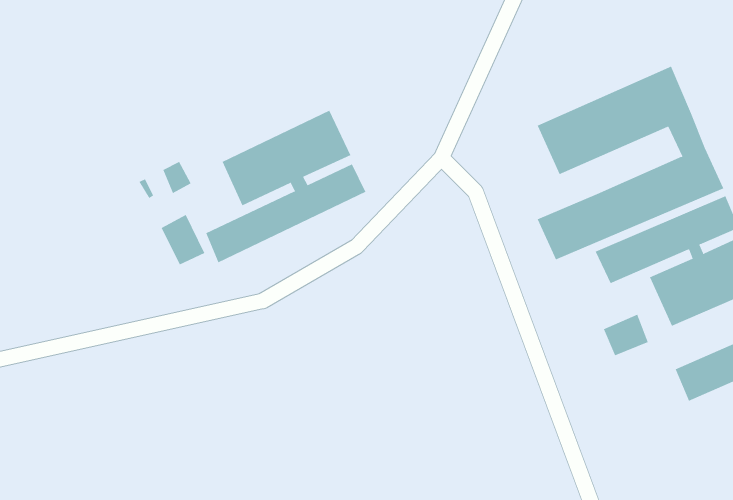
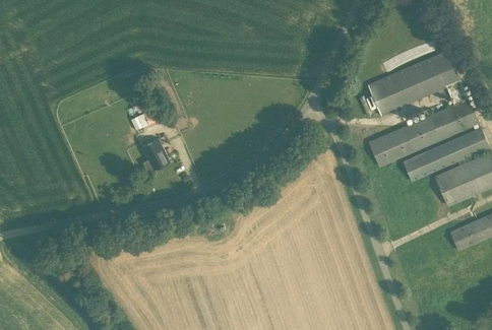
building: [205,110,366,263] -> none
building: [603,314,649,356] -> none

